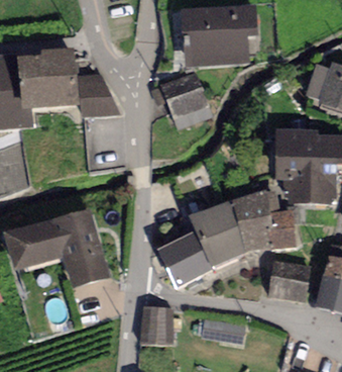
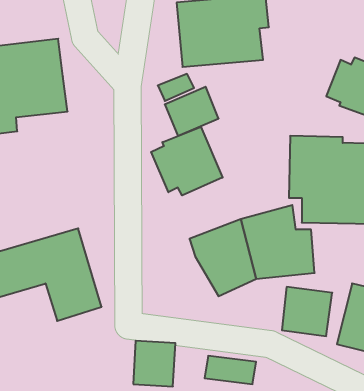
building: [79,74,120,115] -> none
building: none -> [151,127,223,195]
building: [159,233,213,286] -> none

